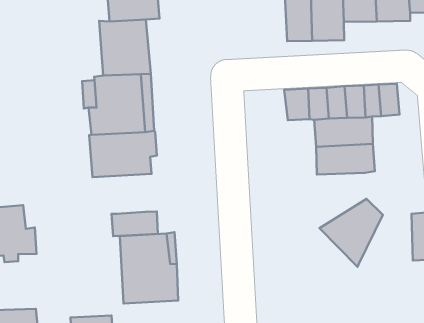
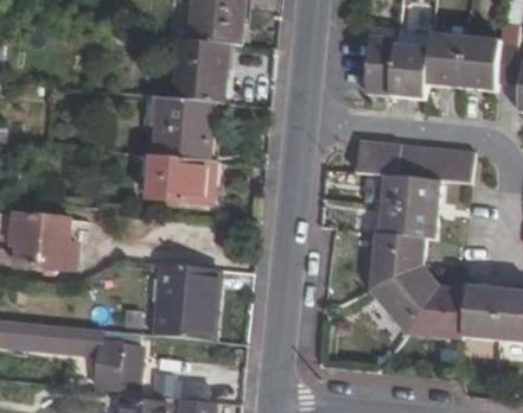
building: none -> [368,233,426,290]
building: [112,211,158,236] -> none
building: none -> [404,285,467,341]

